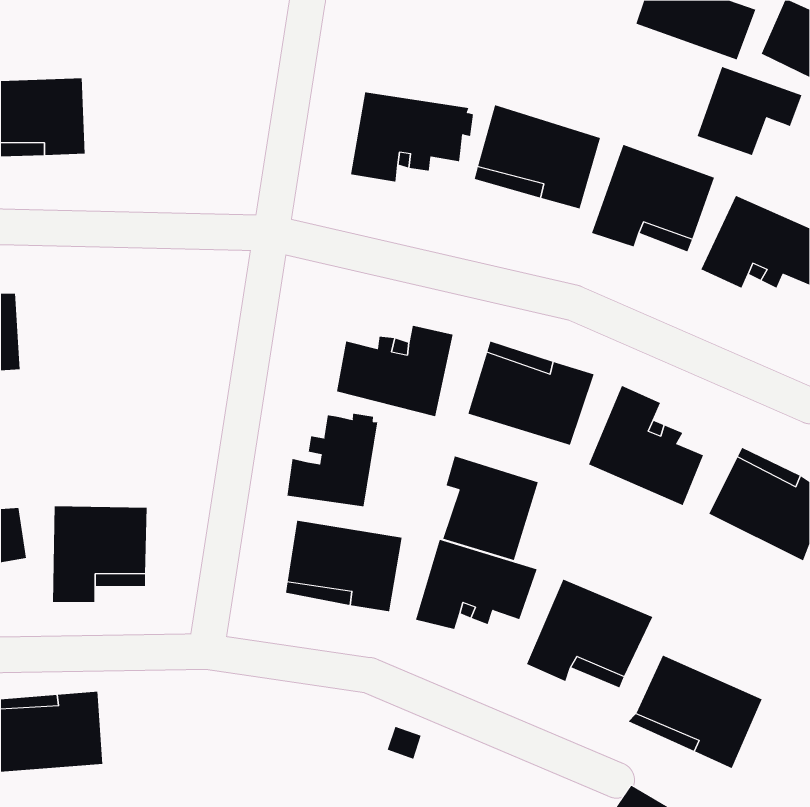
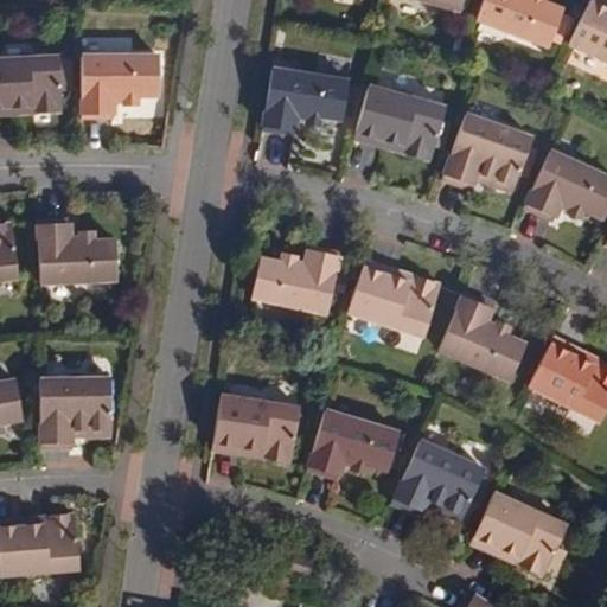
building: [697,66,802,156] -> none
building: none -> [81,57,160,120]
building: none -> [38,224,114,287]
building: [287,413,378,507] -> none
building: [443,455,539,561] -> none

